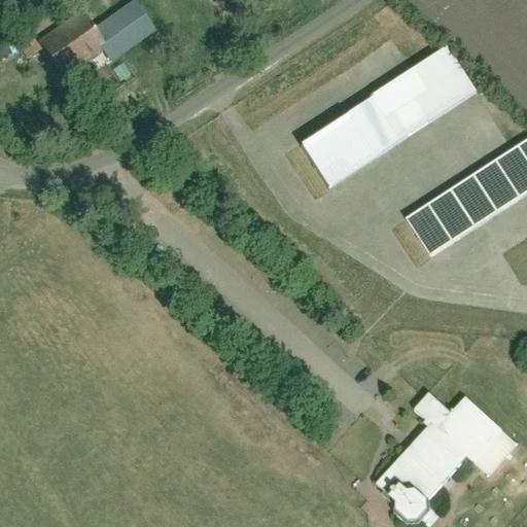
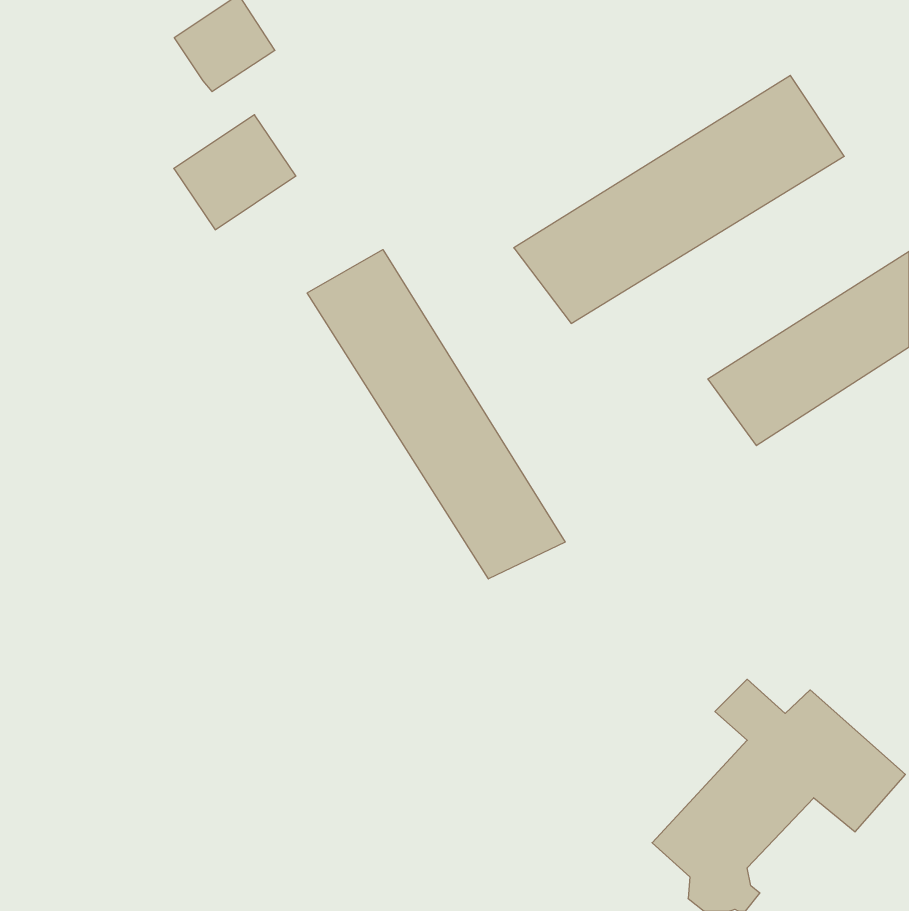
building: [46,11,116,77] -> [174,115,296,230]
building: none -> [307,250,565,579]

